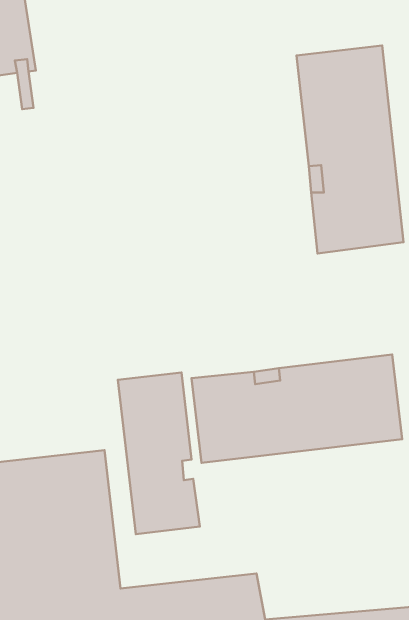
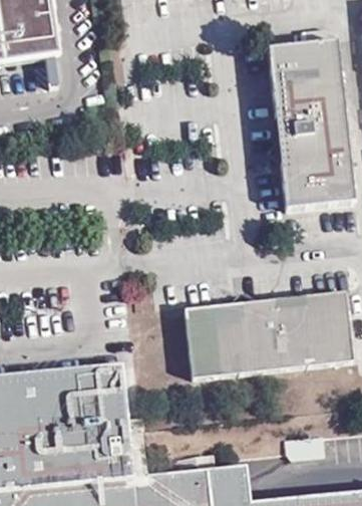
building: [118,372,200,534] -> none

